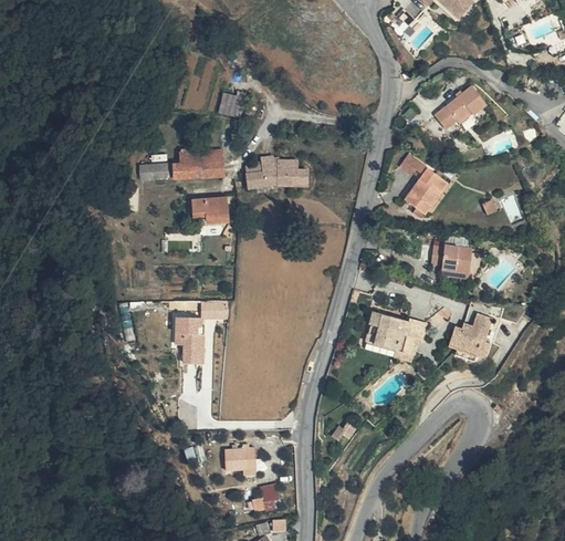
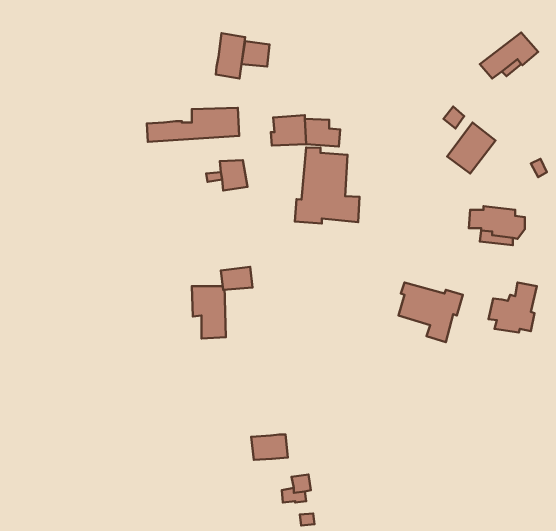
building: none -> [216,33,245,78]
building: none -> [295,147,360,223]

